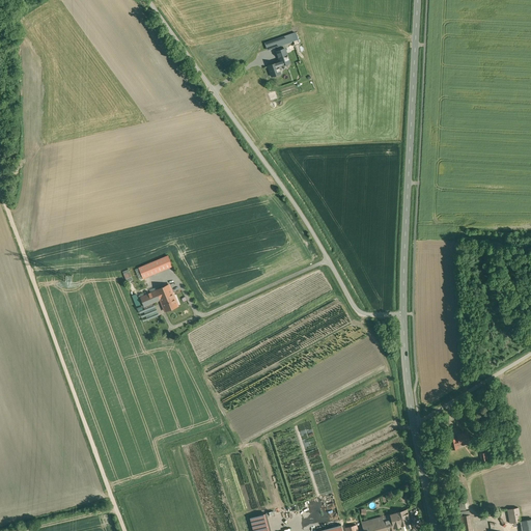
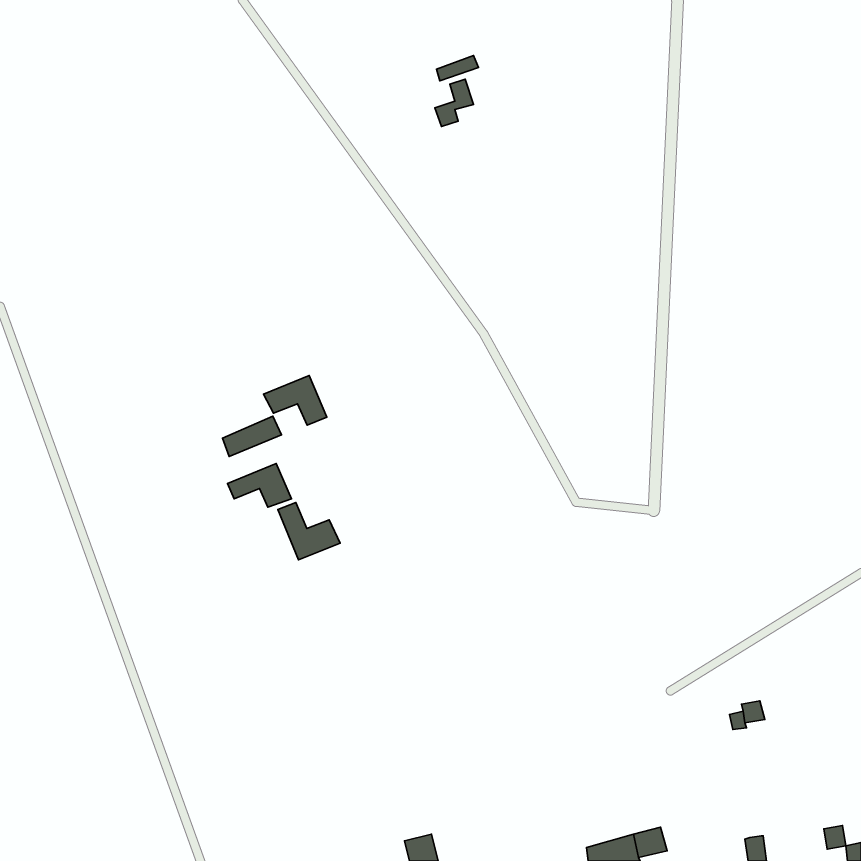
building: none -> [264,375,327,425]
building: none -> [278,503,340,560]

